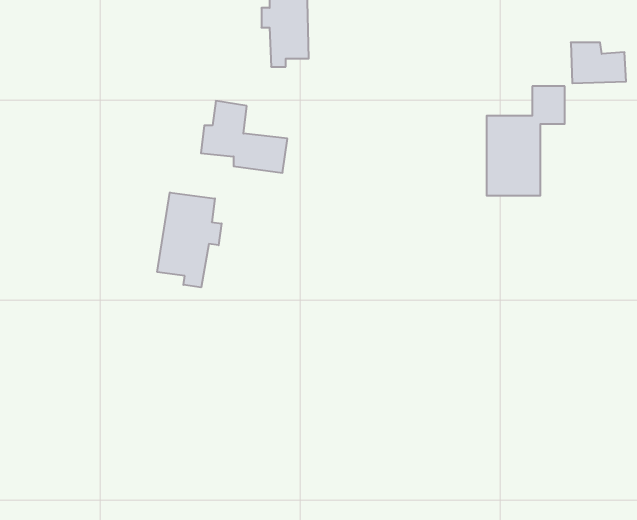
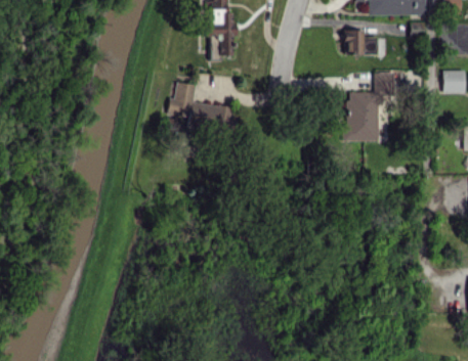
building: [571,42,626,83] -> [345,30,380,55]
building: [157,192,222,287] -> none

